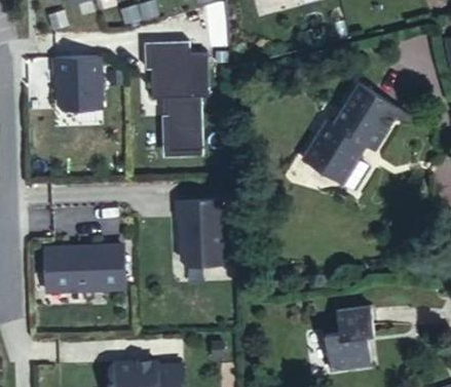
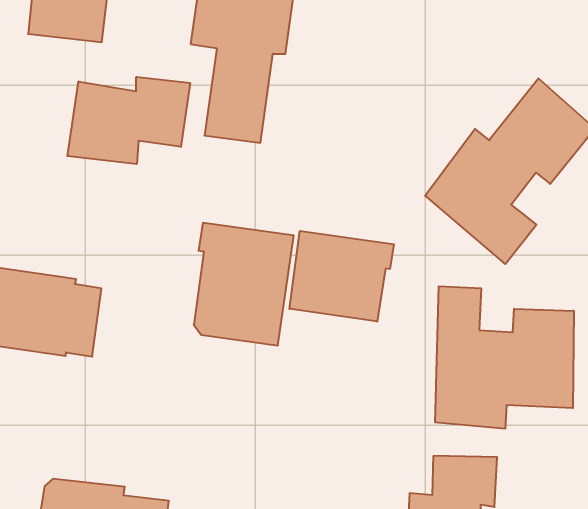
building: none -> [67,77,190,164]
building: none -> [289,231,394,322]
building: none -> [435,286,574,429]

